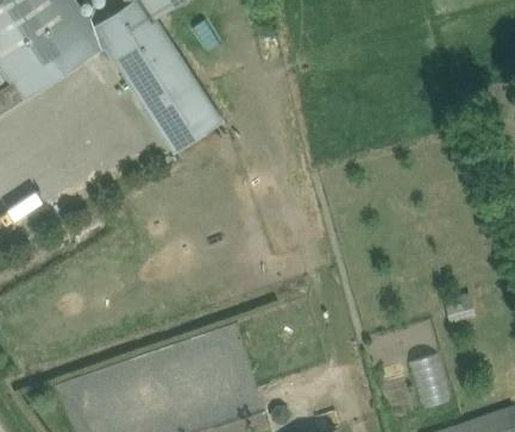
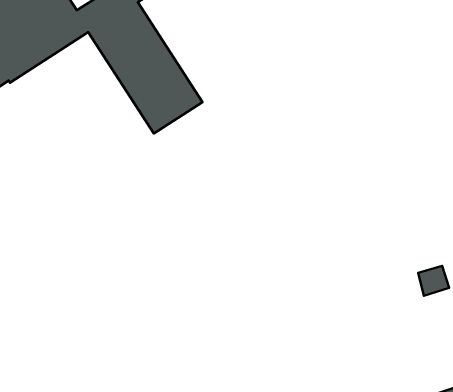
building: [406,352,448,407] -> none

